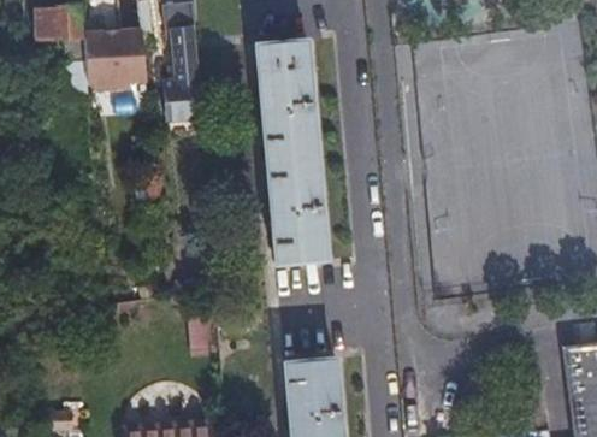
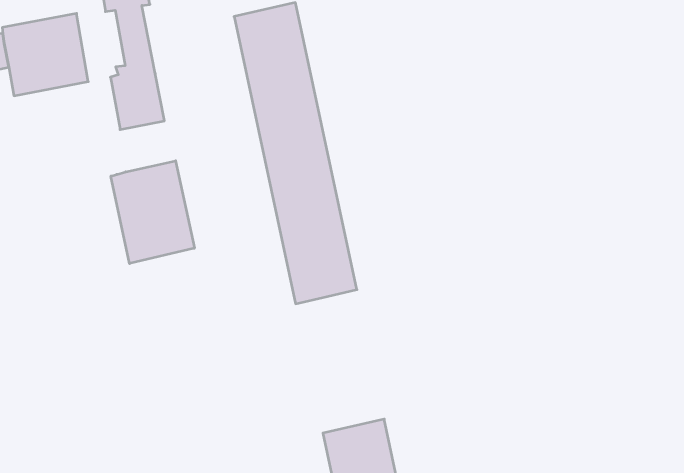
building: none -> [111,161,194,264]

